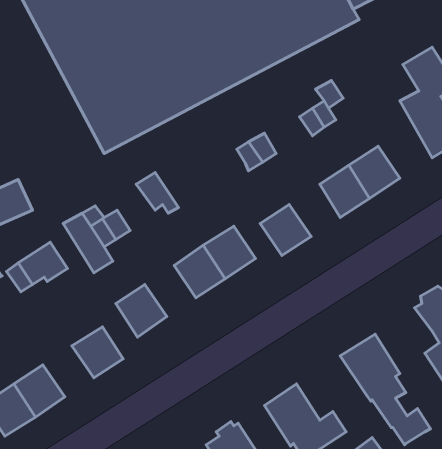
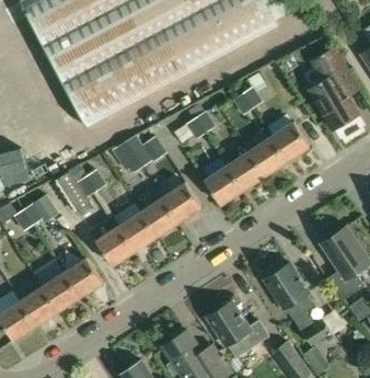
building: none -> [125,134,166,168]
building: none -> [226,150,264,190]
building: none -> [117,211,155,250]
building: none -> [41,272,79,310]

